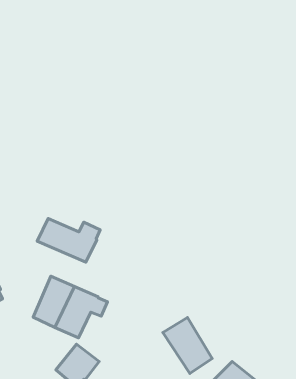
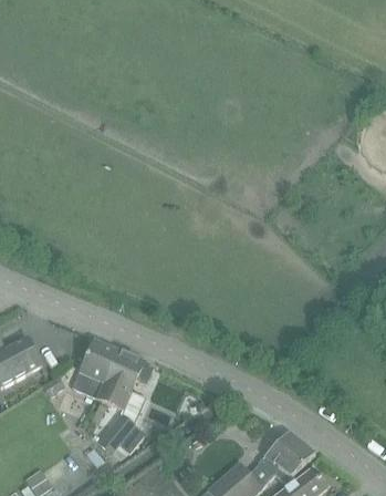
building: [37,218,100,262] -> none
building: [163,317,212,373] -> none

